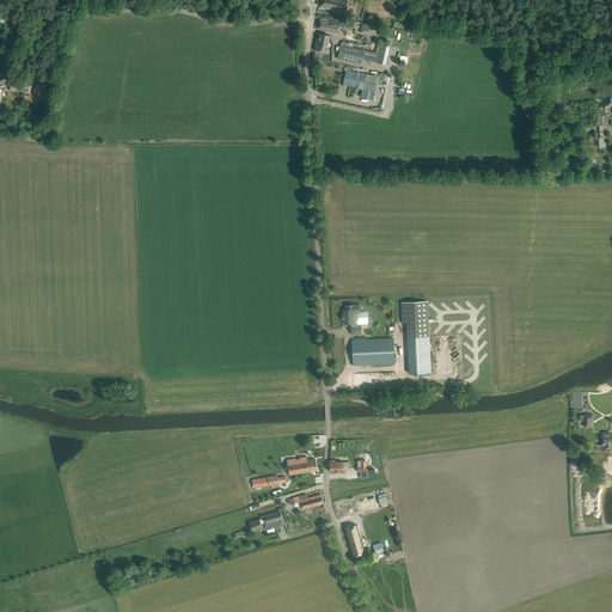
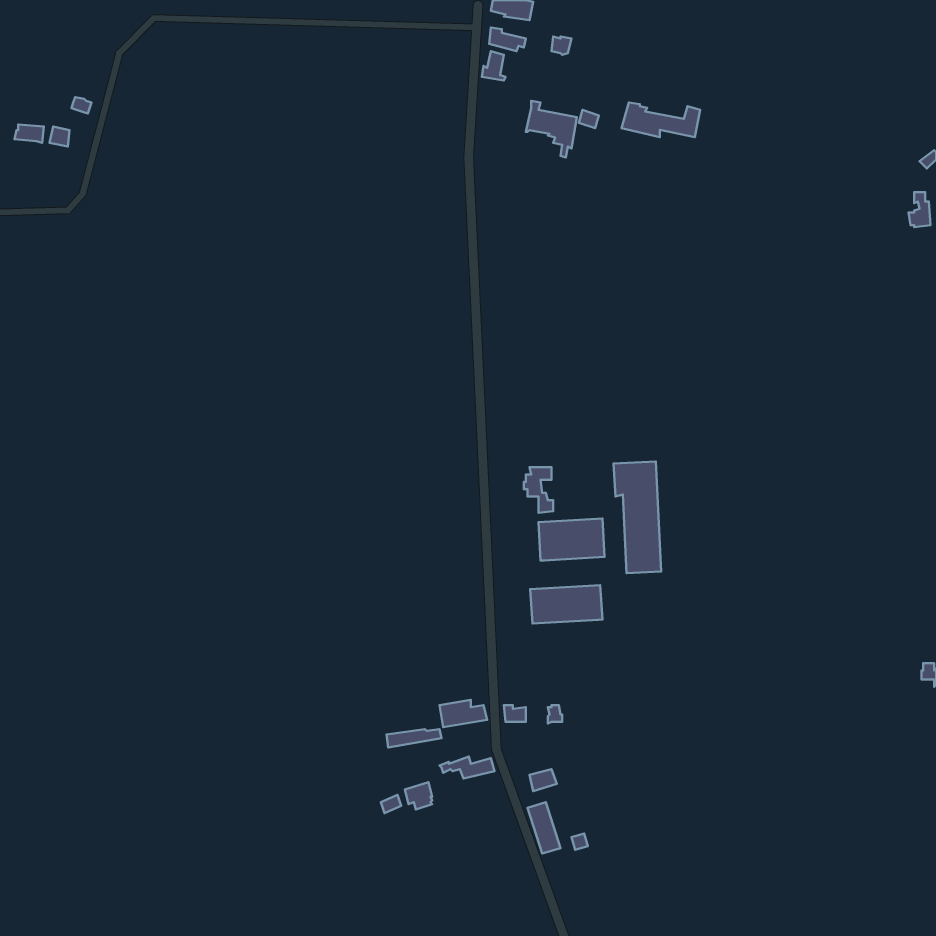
building: [337,42,388,65] -> [622,102,700,137]
building: none -> [530,585,603,623]

